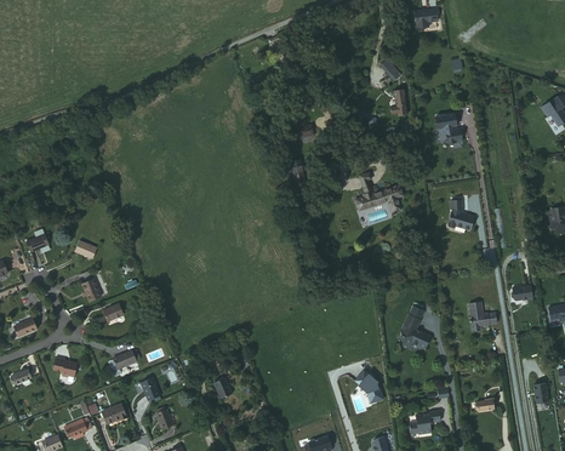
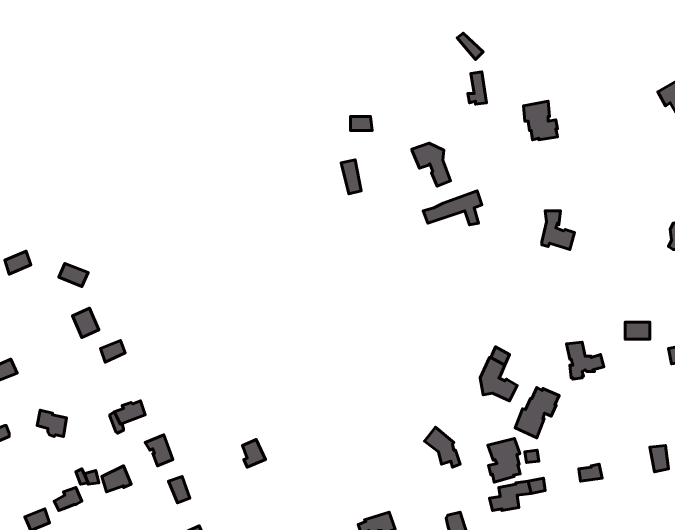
building: none -> [412,143,450,186]
building: none -> [515,387,559,438]
building: none -> [488,438,520,482]

